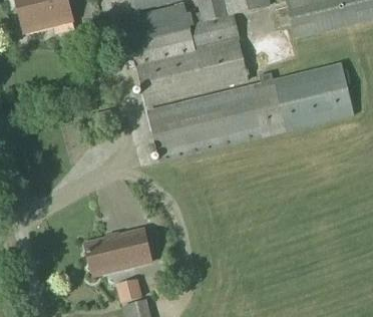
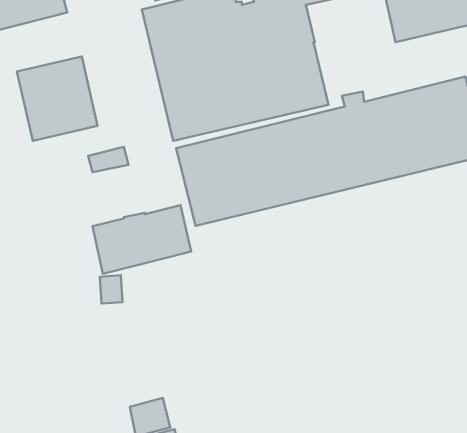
building: none -> [17,57,98,141]
building: [85,229,151,275] -> [93,205,191,274]

